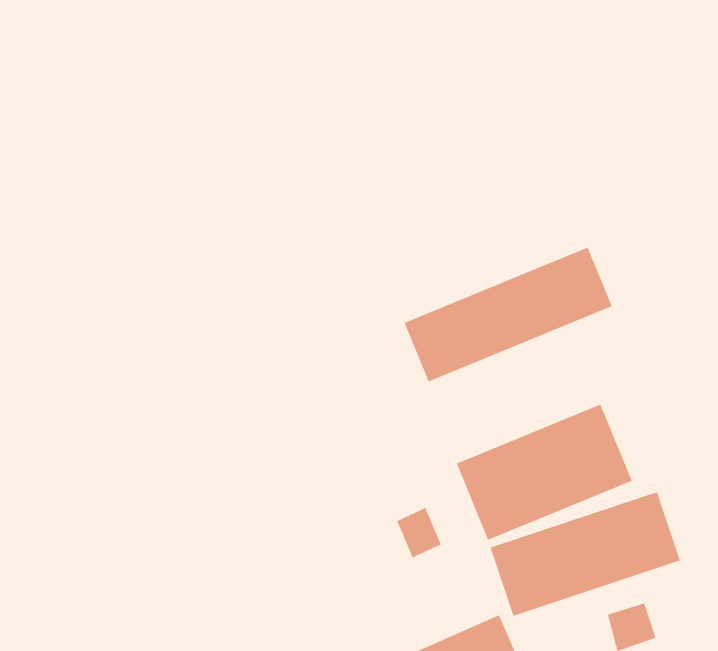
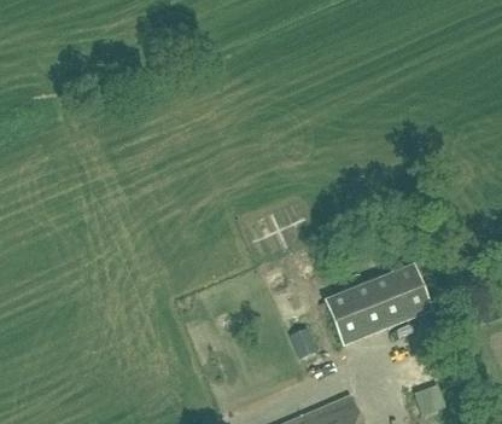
building: [403,247,613,382] -> none
building: [489,491,681,617] -> none

